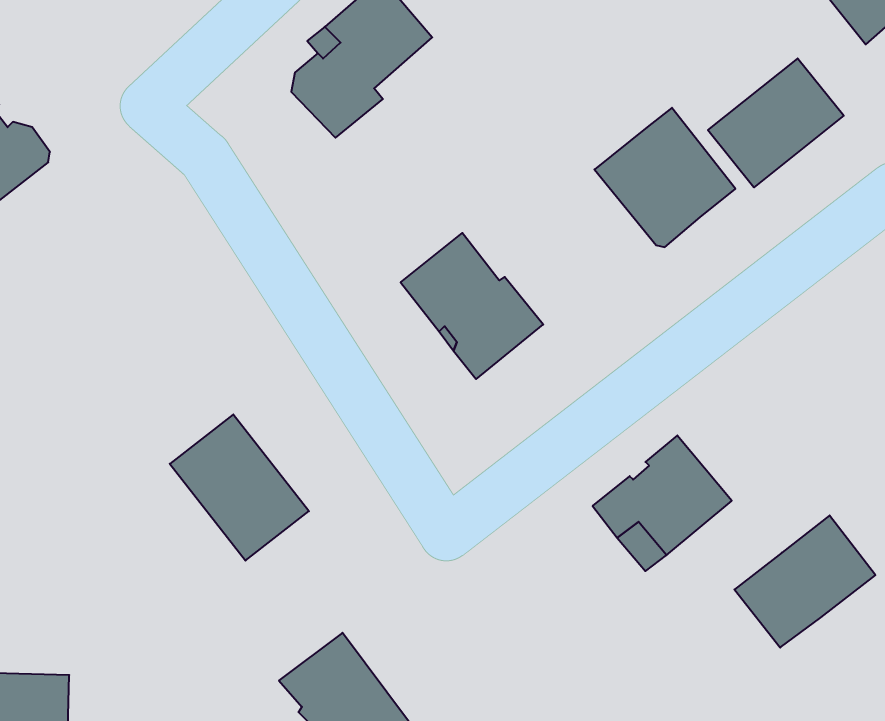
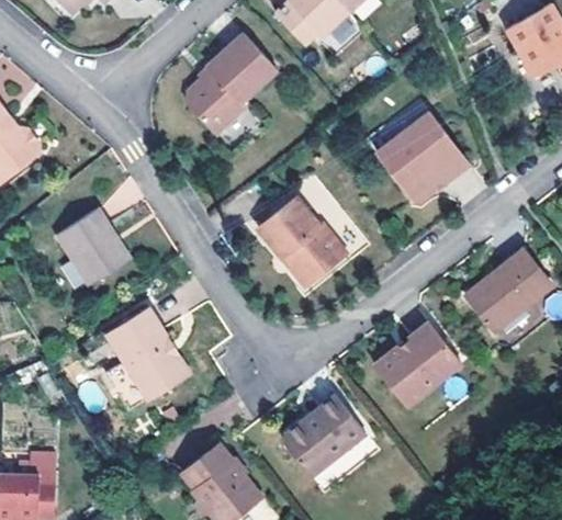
building: [708,58,844,187] -> none
building: none -> [52,213,128,291]
building: [734,515,875,648] -> [464,248,552,330]
building: none -> [285,394,367,470]

